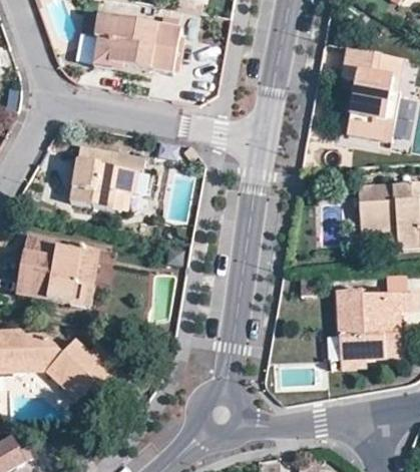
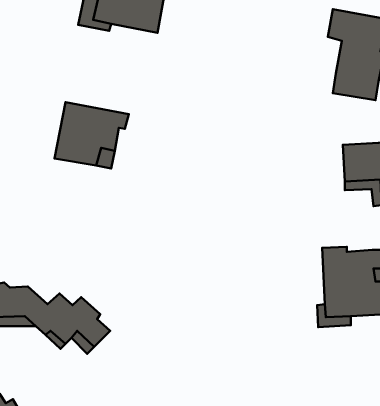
building: [15,234,97,305] -> none

